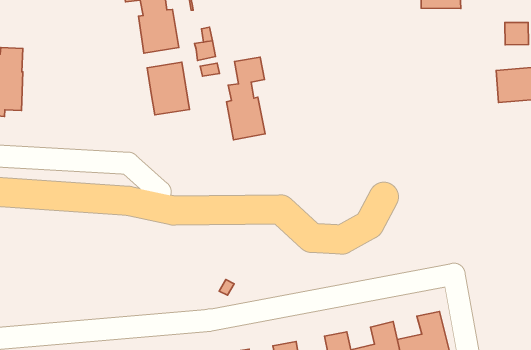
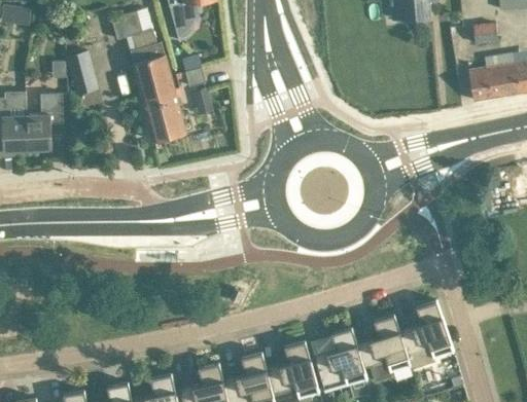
building: none -> [66,49,99,94]
building: none -> [28,95,64,149]
building: [227,57,265,140] -> none

